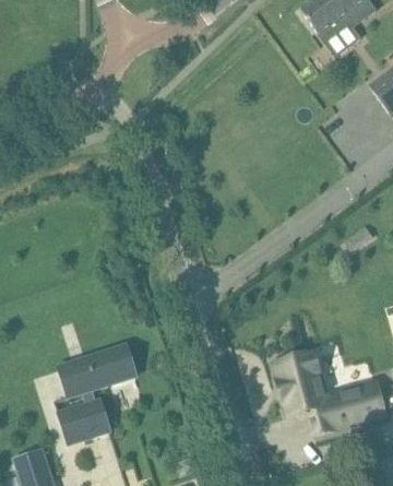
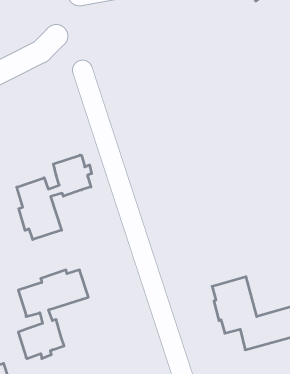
building: none -> [17,155,92,240]

